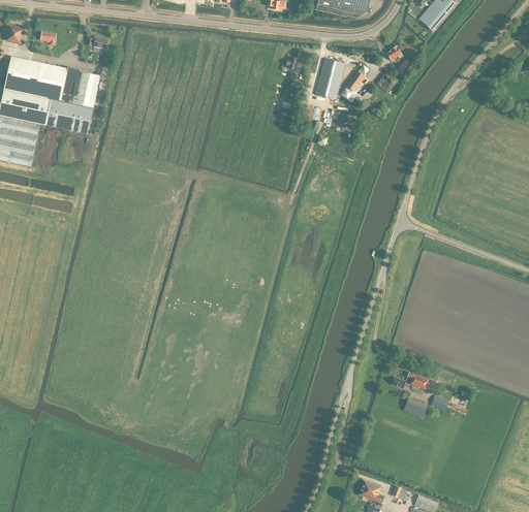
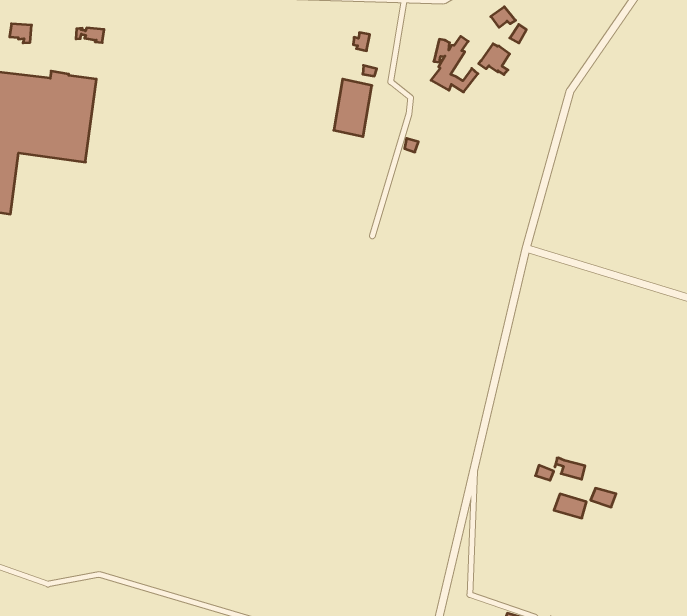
building: [314,57,344,99] -> [334,79,372,137]

